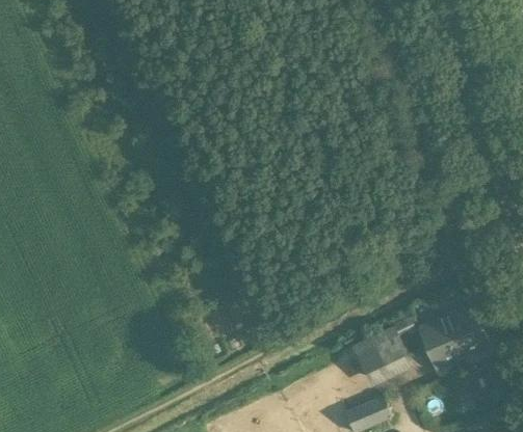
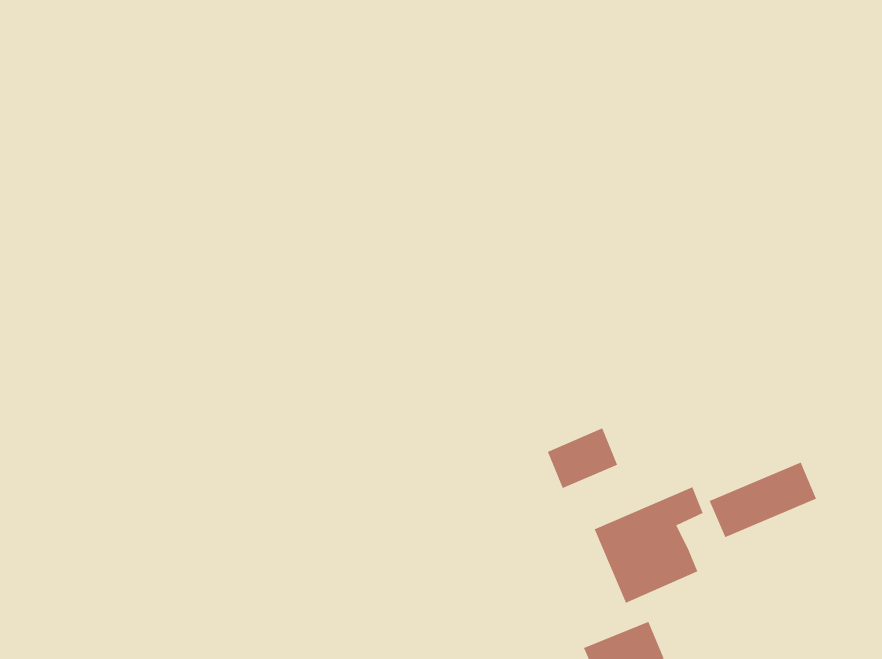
building: none -> [547,428,618,489]
building: [426,326,490,371] -> none

